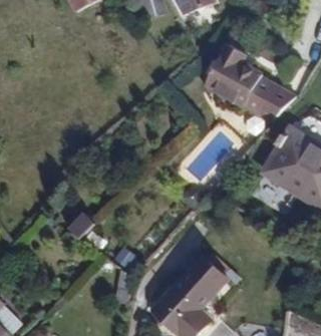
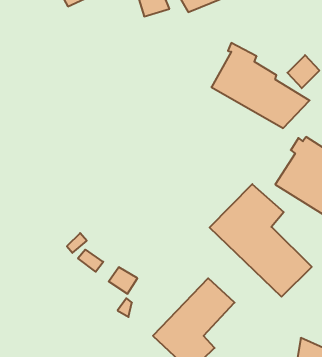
building: none -> [210,184,312,297]

